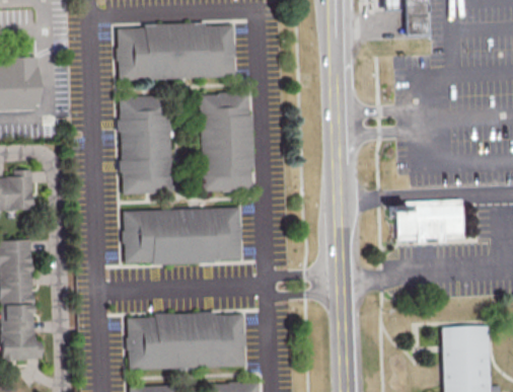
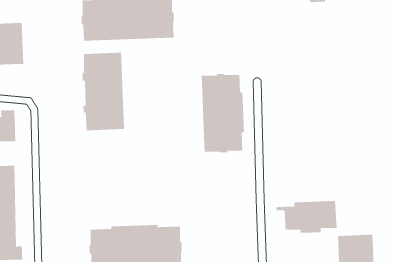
building: [198,93,253,193] -> [201,74,245,153]
building: [390,200,468,241] -> [276,200,338,233]
building: [121,209,240,266] -> none

